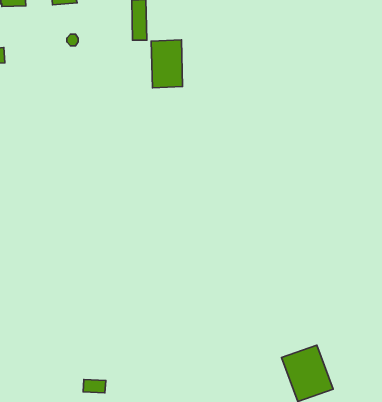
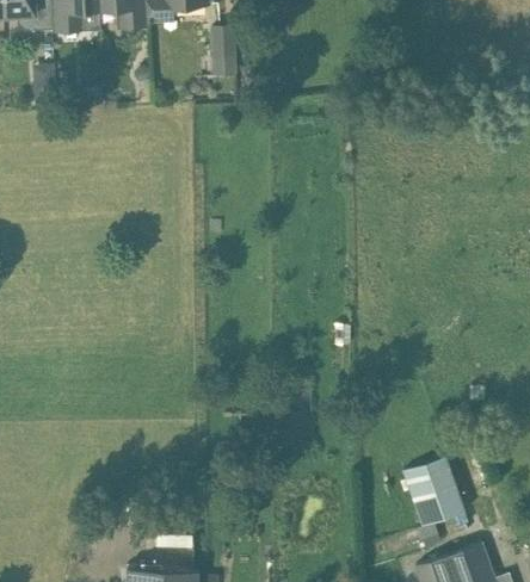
building: [151,40,182,88] -> none

